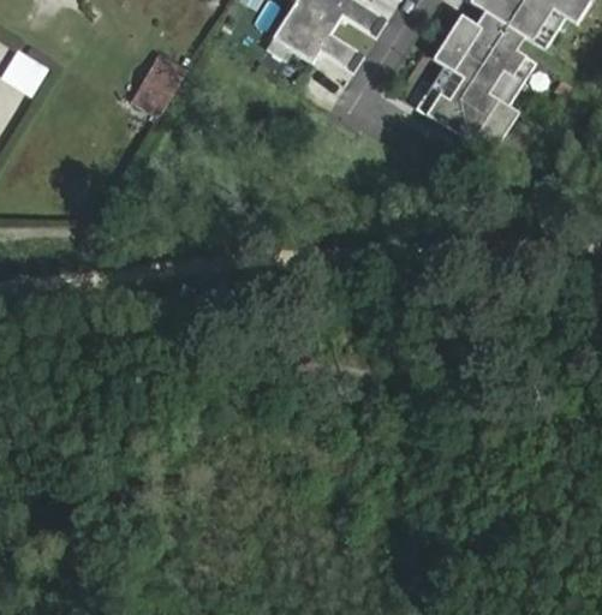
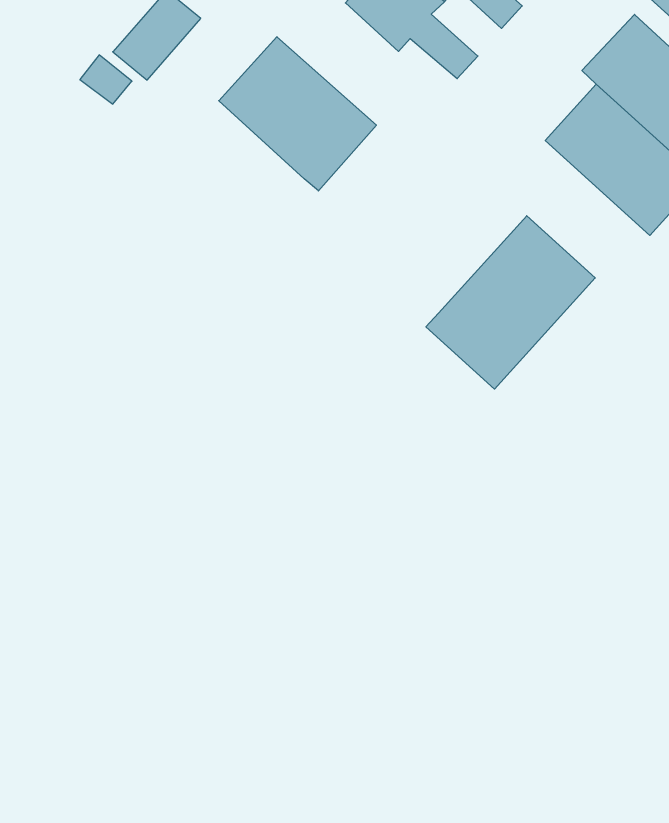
building: none -> [219,37,376,191]
building: none -> [426,216,595,389]

